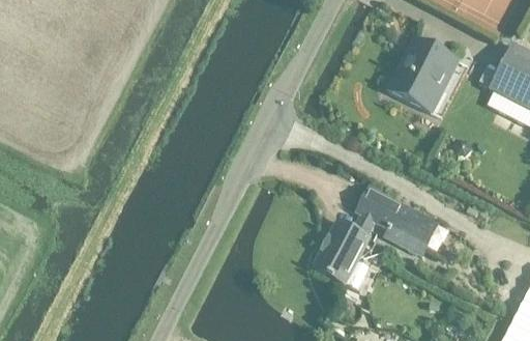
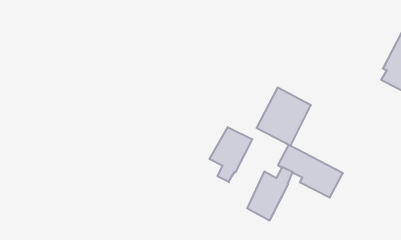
building: [388,38,458,113] -> [256,87,311,146]
building: none -> [210,127,252,182]

